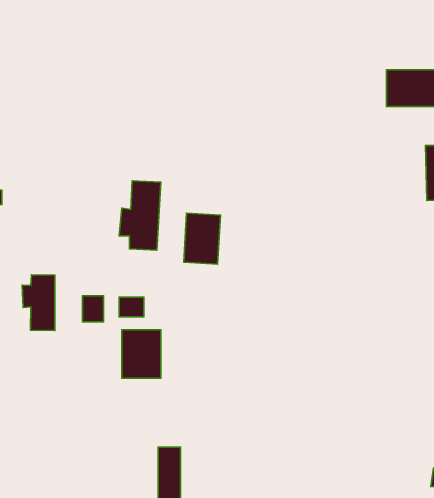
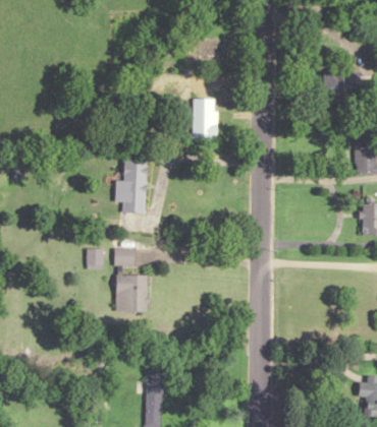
building: none -> [192,99,216,139]
building: [184,213,220,264] -> none
building: [22,275,55,331] -> none

